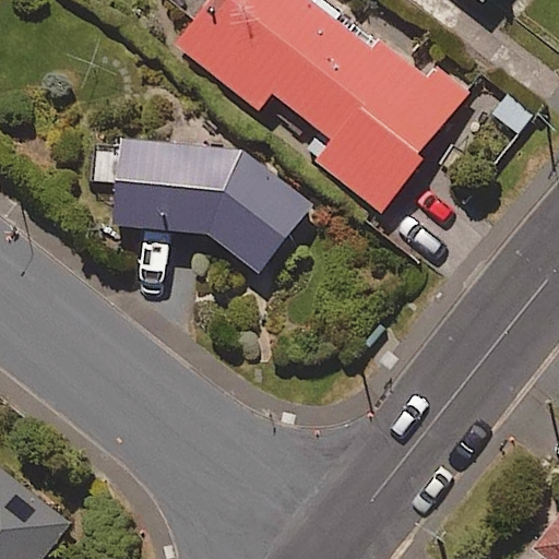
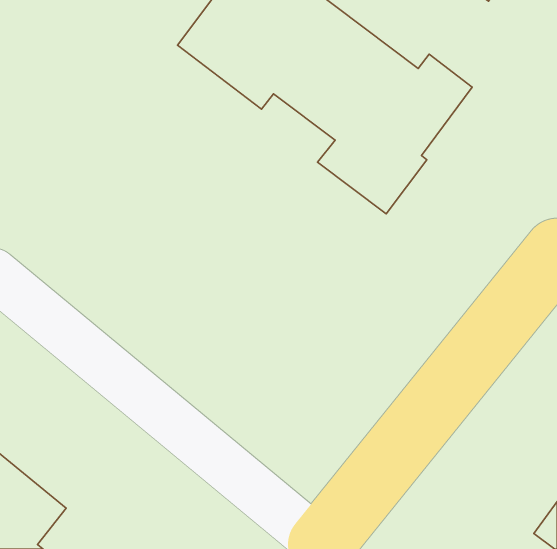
building: [115,140,309,274] -> none

